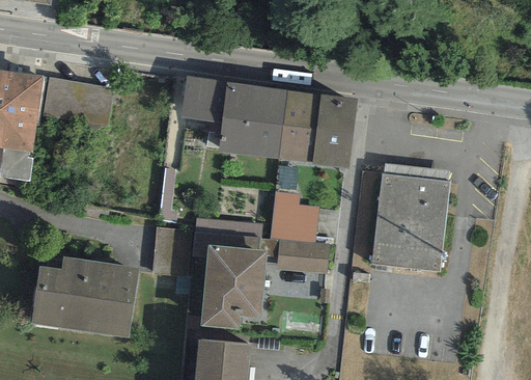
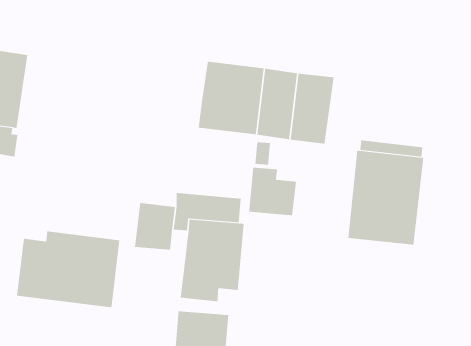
building: [179,76,226,124] -> none
building: [41,77,112,126] -> none
building: [276,238,328,272] -> none

